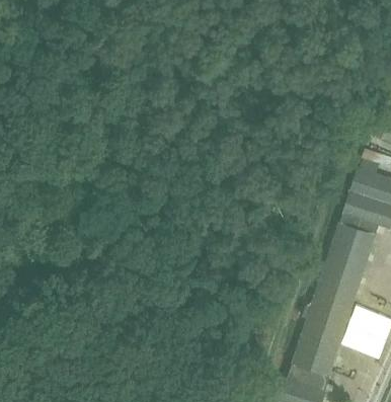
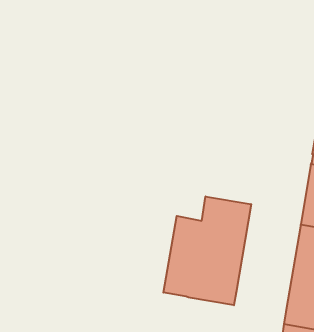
building: none -> [163,196,251,305]

